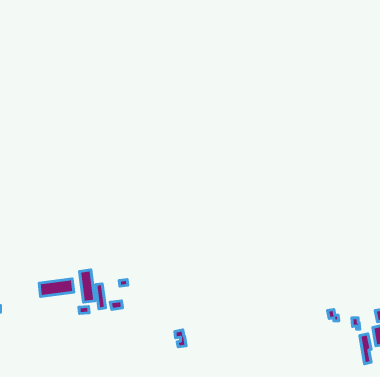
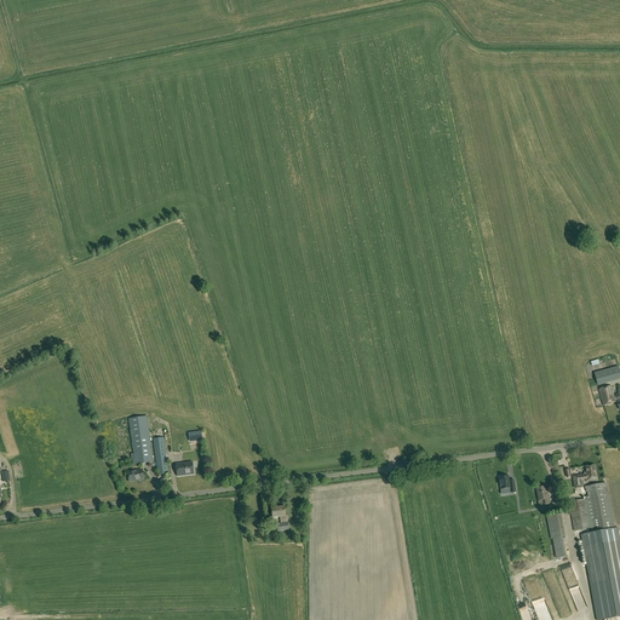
building: [39,279,74,296] -> none

